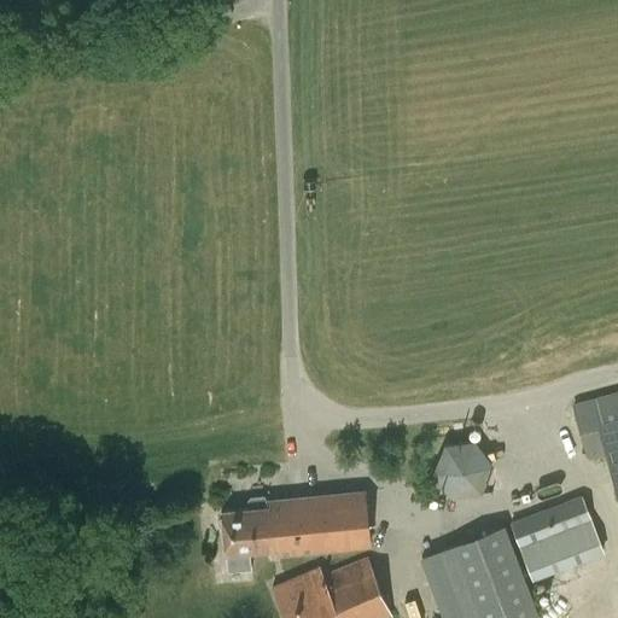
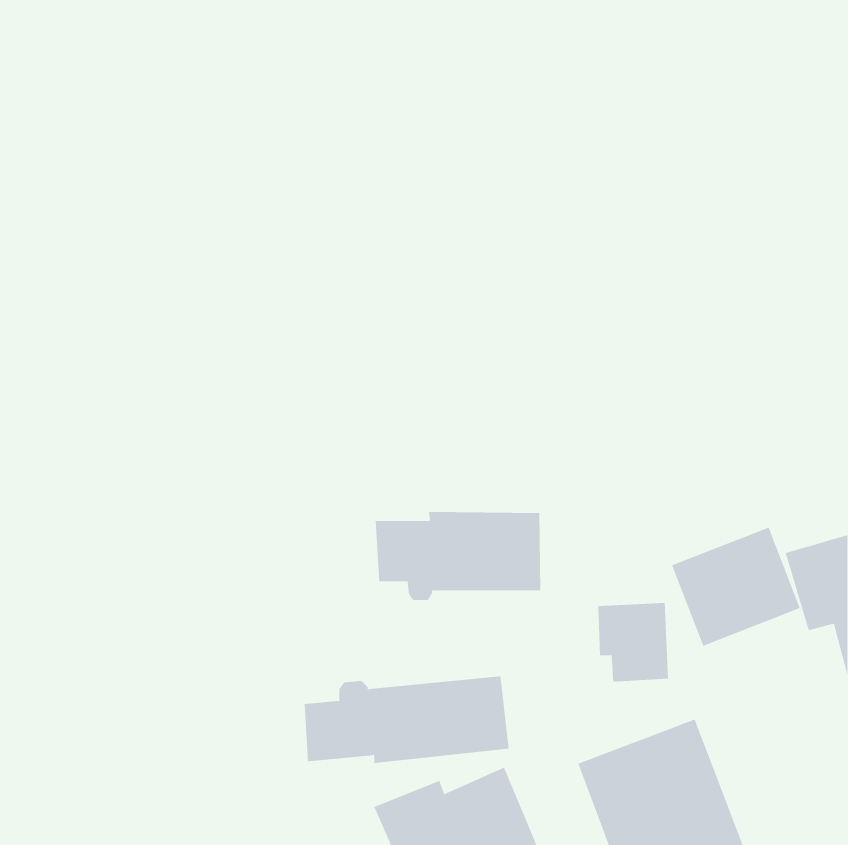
building: none -> [375,511,541,601]
building: [511,495,605,582] -> [671,527,801,646]

